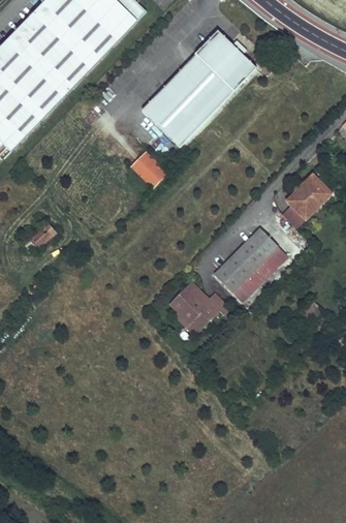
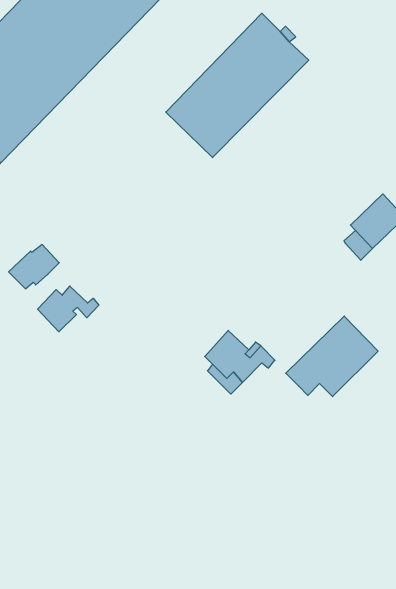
building: [130,151,167,188] -> none
building: [215,227,288,291] -> [286,316,378,397]
building: none -> [38,286,99,332]

